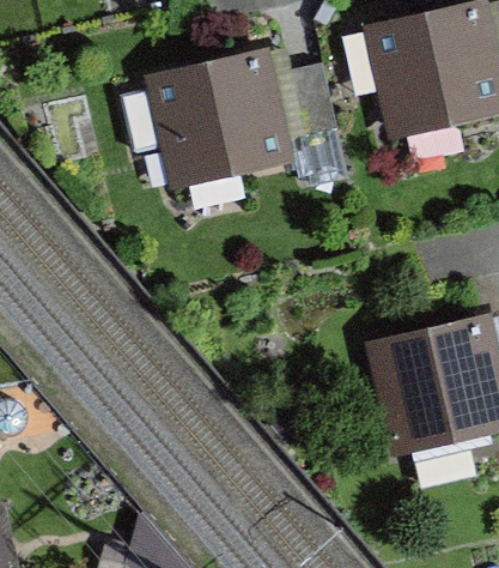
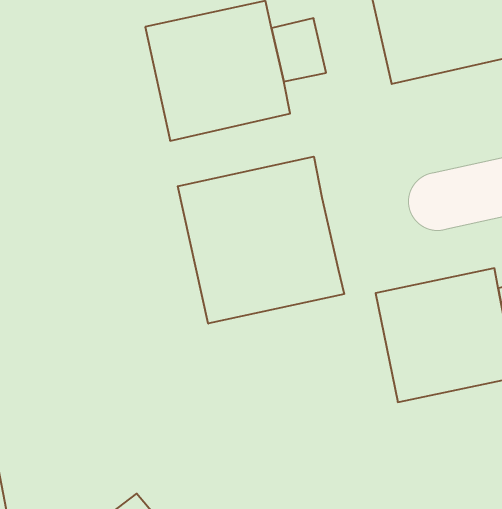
building: none -> [178,157,344,324]

